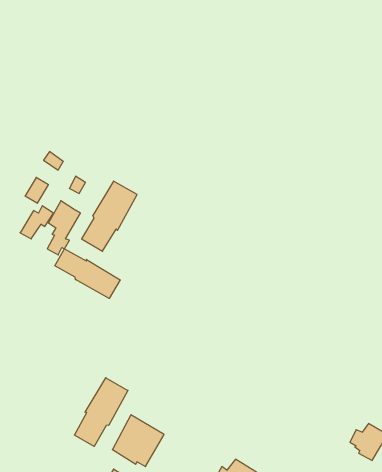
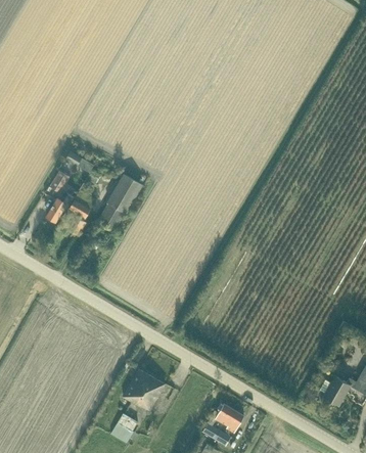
building: [55,249,120,298] -> none
building: [74,378,128,446] -> none

